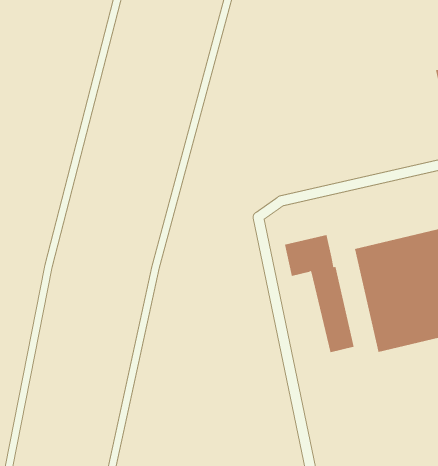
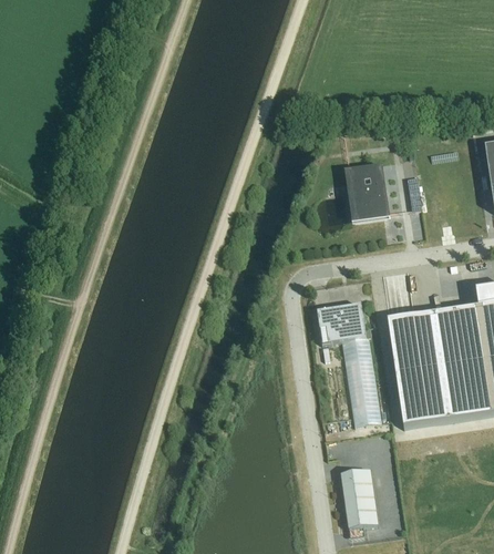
building: none -> [348,162,389,215]
building: none -> [340,464,378,525]

